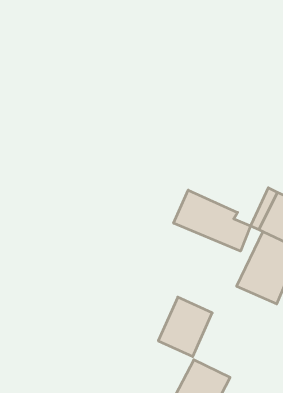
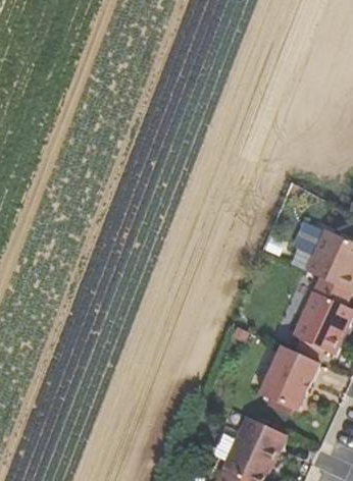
building: [174,190,251,251] -> none
building: [158,297,212,357] -> [258,348,317,413]

